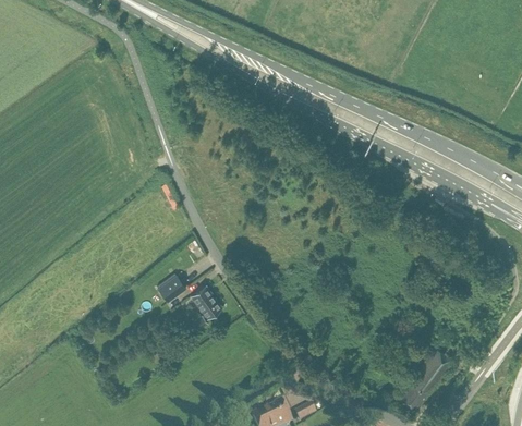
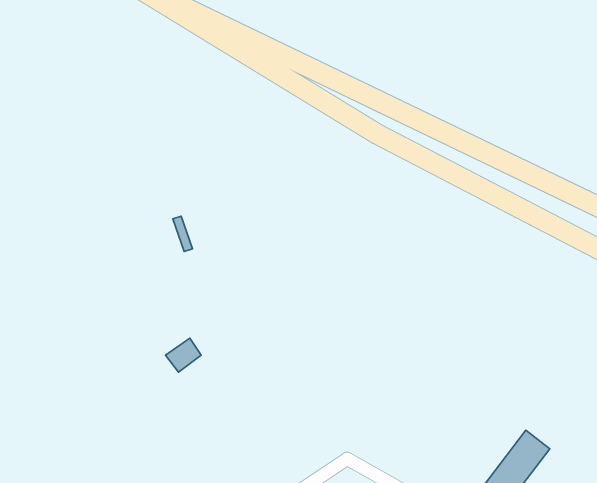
building: [190,282,221,328] -> none

